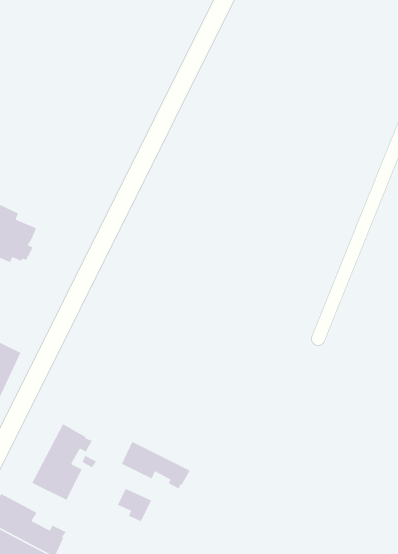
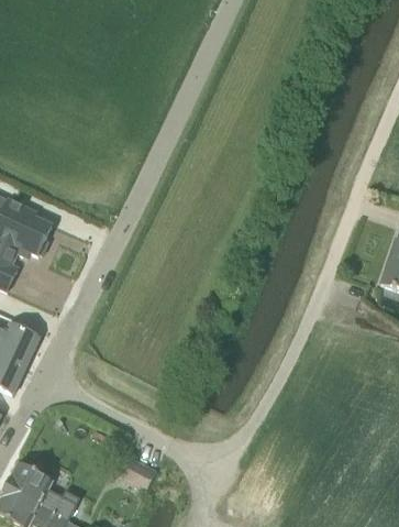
building: [31,424,93,501] -> none
building: [121,441,190,490] -> none

